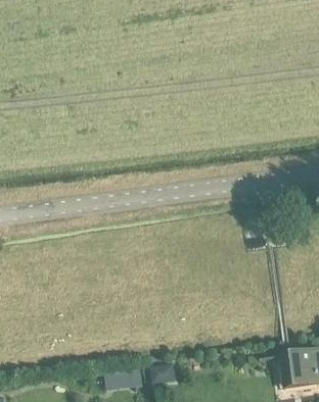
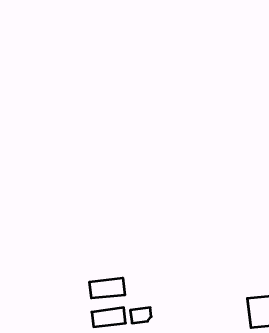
building: none -> [90,278,125,298]

